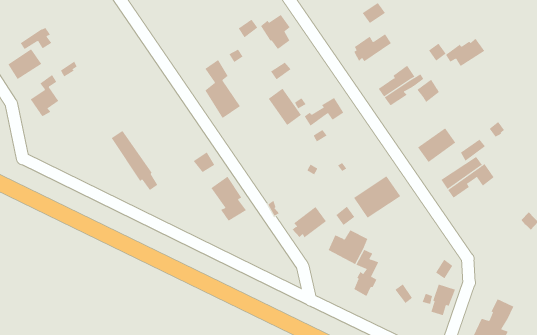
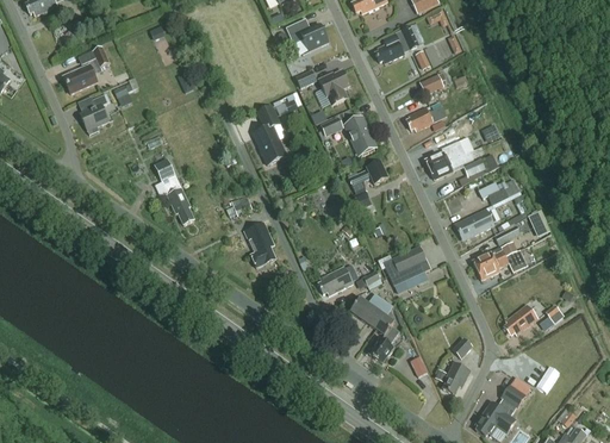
building: [445,38,485,67] -> [479,179,519,205]
building: [268,88,302,126] -> [346,117,376,155]
building: none -> [504,304,539,335]

